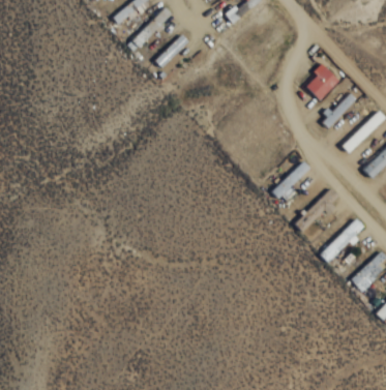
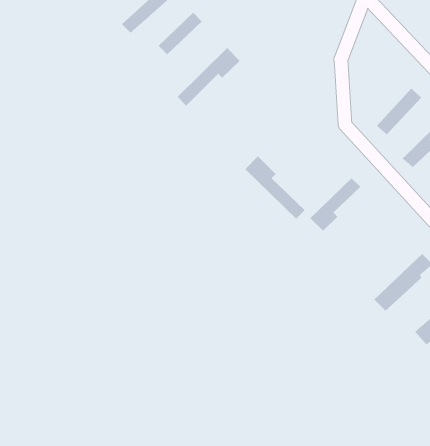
building: none -> [177,47,241,107]
building: [306,63,339,99] -> none
building: none -> [244,156,306,220]

